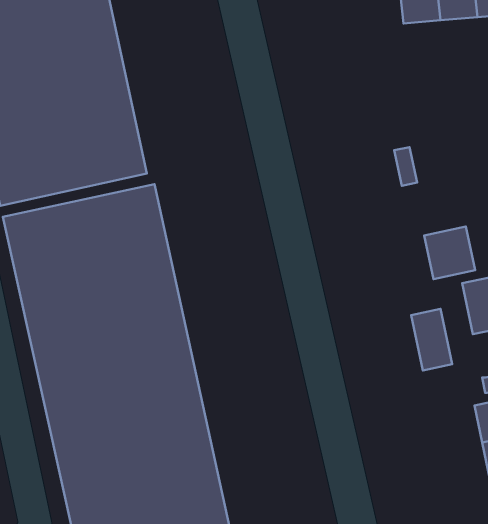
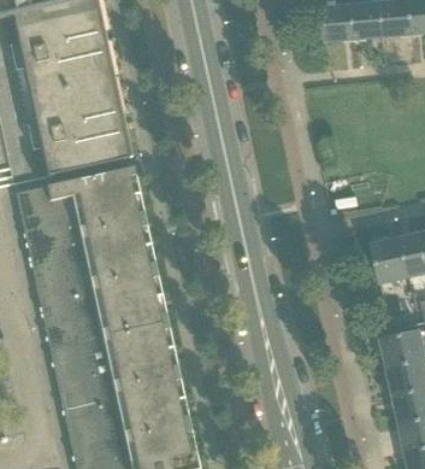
building: [424,227,475,279] -> none
building: [411,309,452,371] -> none

